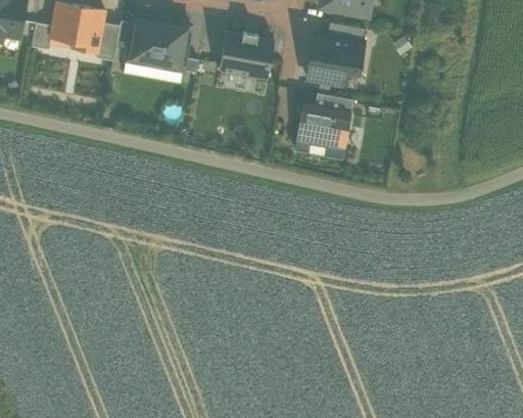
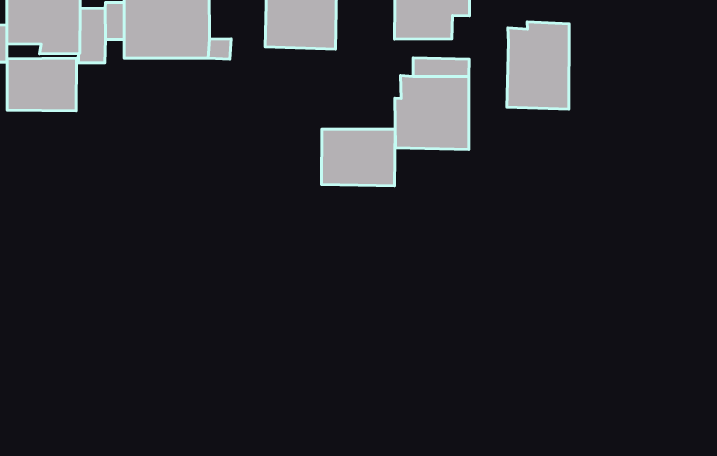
building: none -> [7,58,77,111]
building: none -> [507,22,569,109]
building: none -> [321,129,395,186]

